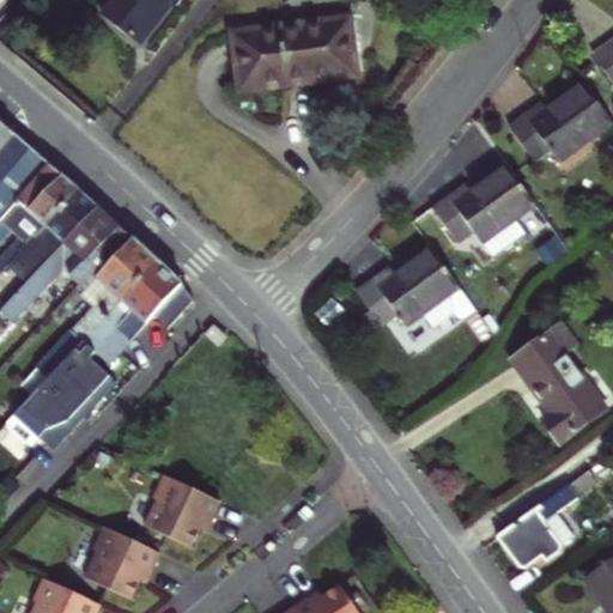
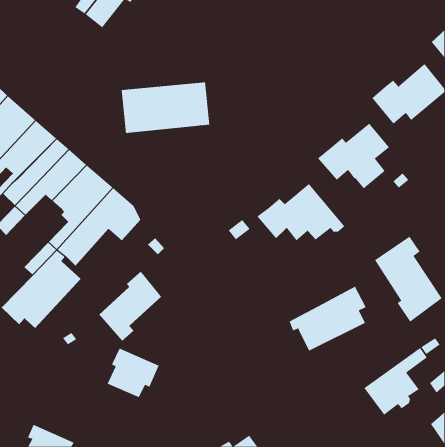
building: [235,11,357,81] -> [121,82,210,134]
building: none -> [99,271,162,342]
building: none -> [289,286,366,352]
building: [89,528,160,596] -> none

